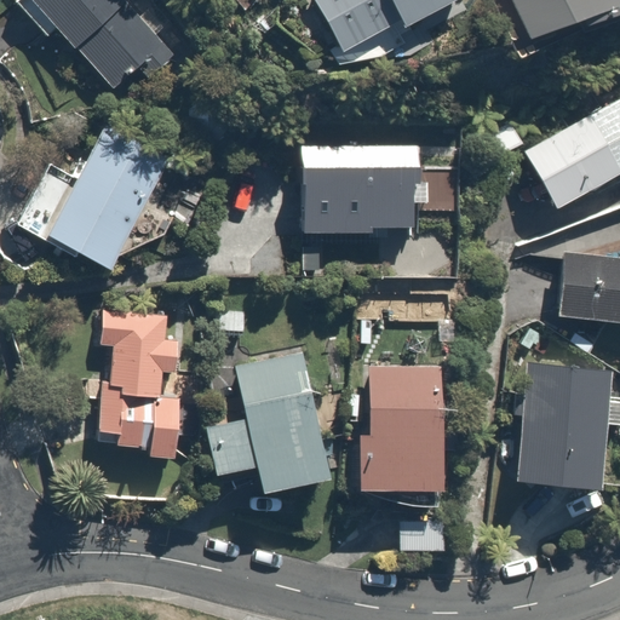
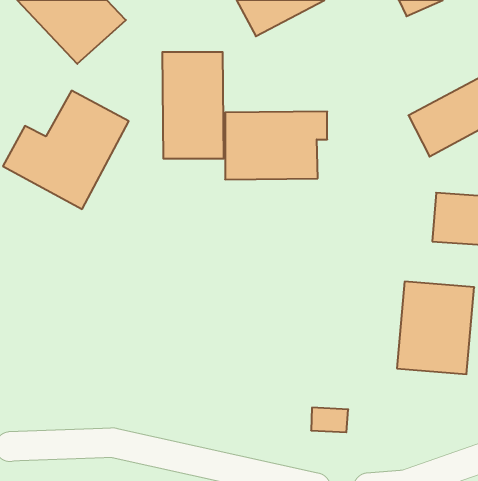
building: none -> [162,52,224,159]
building: [98,309,195,461] -> none
building: [207,348,328,483] -> none
building: [358,363,442,484] -> none

